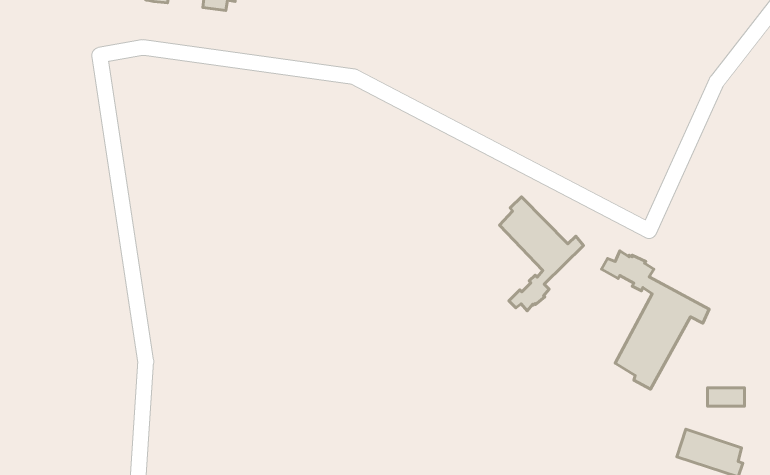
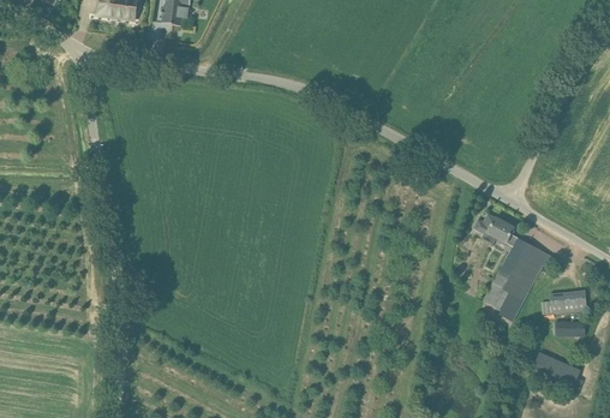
building: [500,197,584,311] -> none
building: none -> [542,292,587,315]

